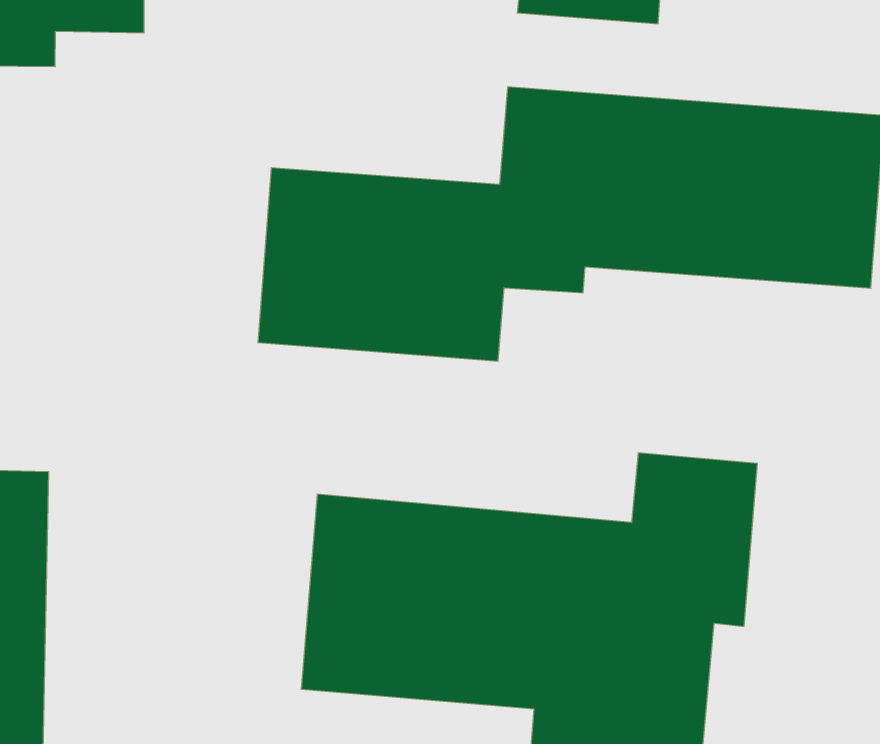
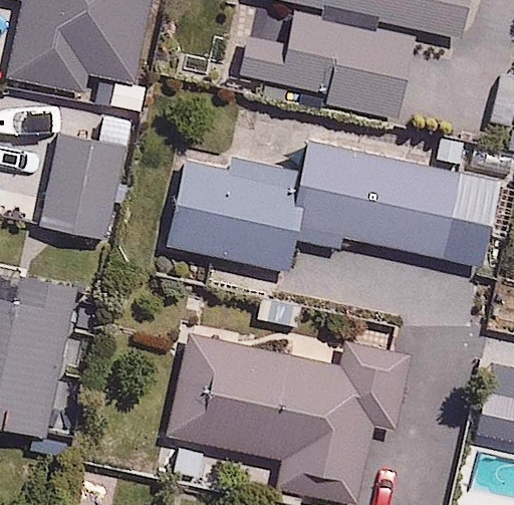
building: none -> [39,135,120,235]

